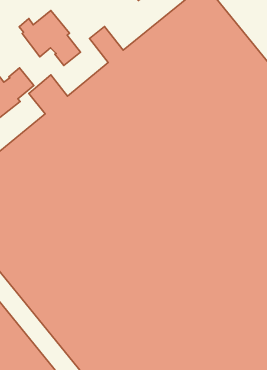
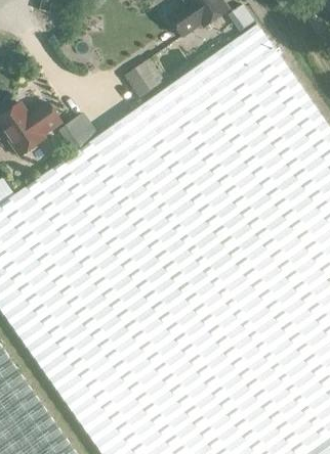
building: [19,11,81,66] -> none

